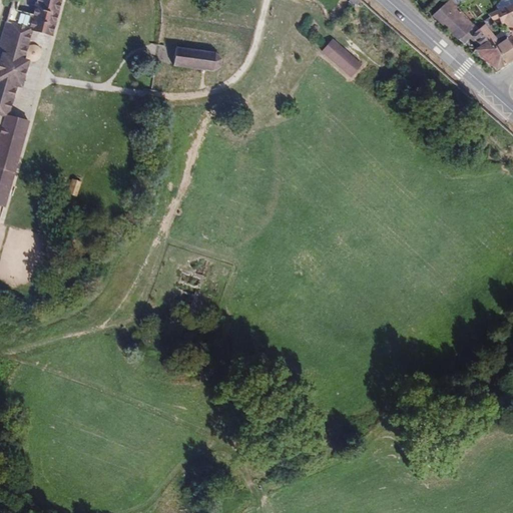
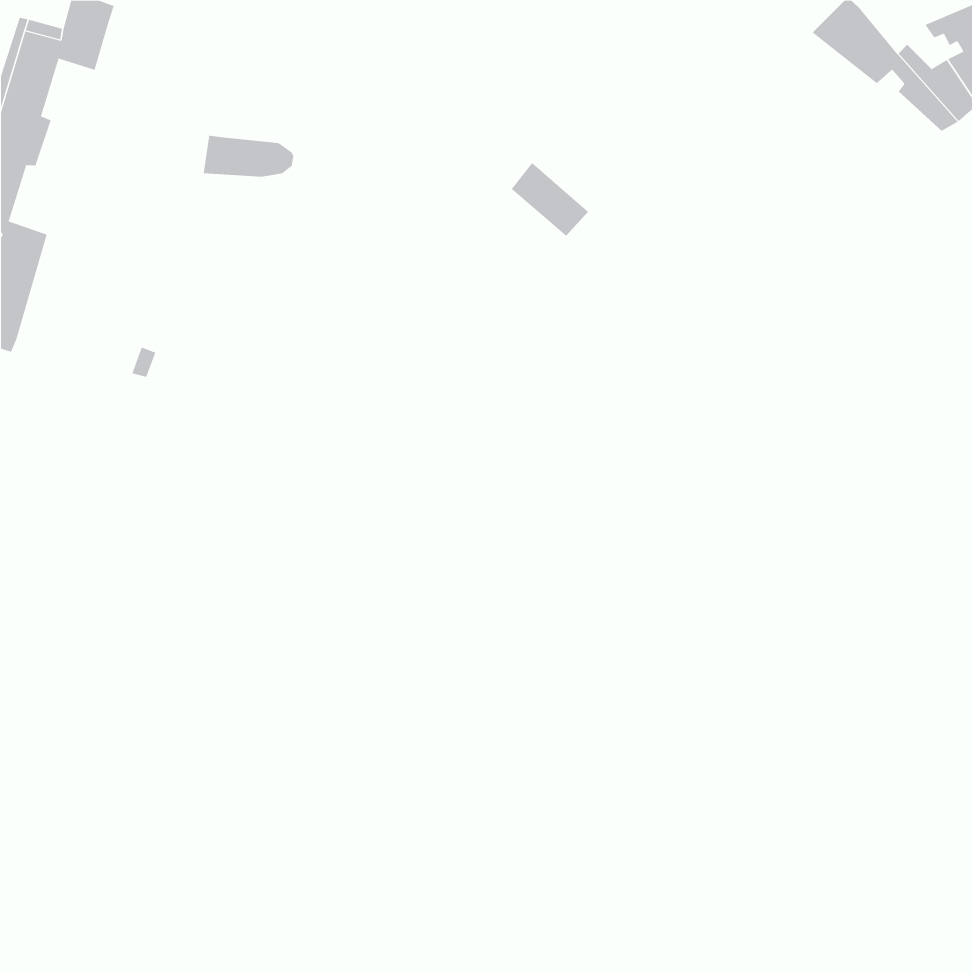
building: [323,37,364,76] -> [511,162,589,236]
building: [174,46,222,68] -> [203,135,294,177]

